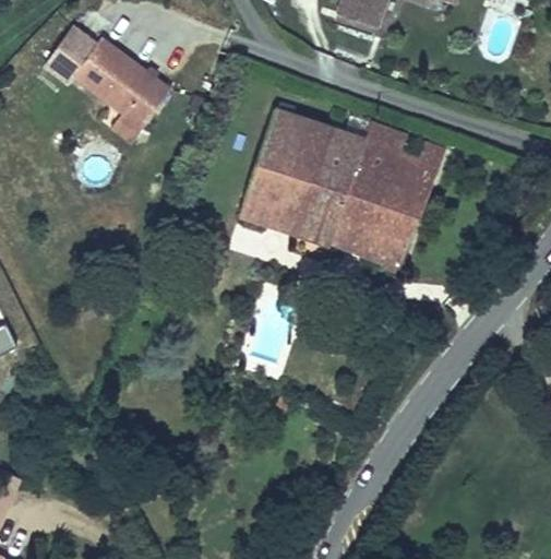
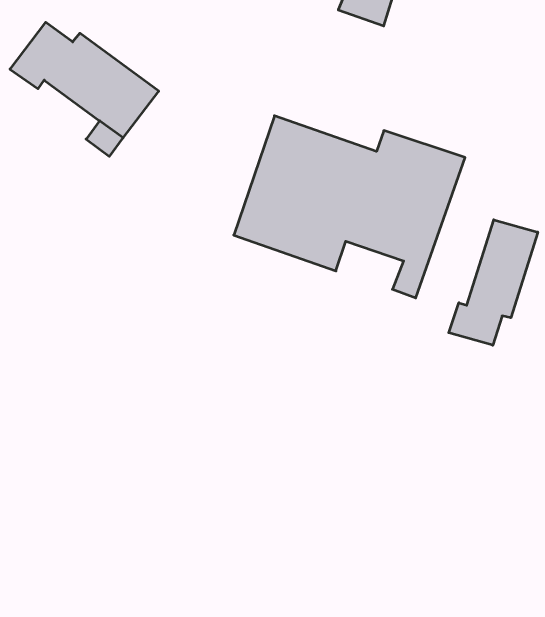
building: none -> [449,220,538,345]
building: [330,221,390,263] -> none

